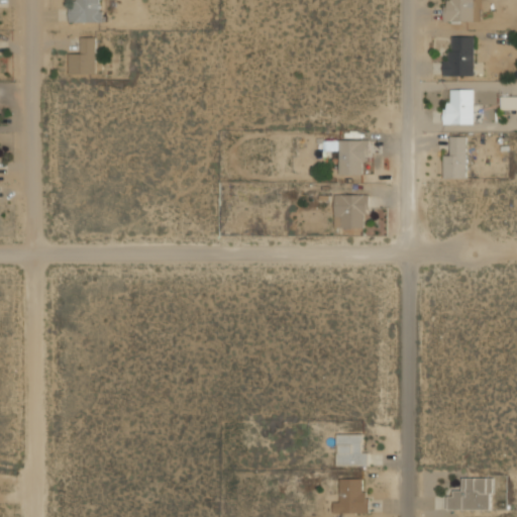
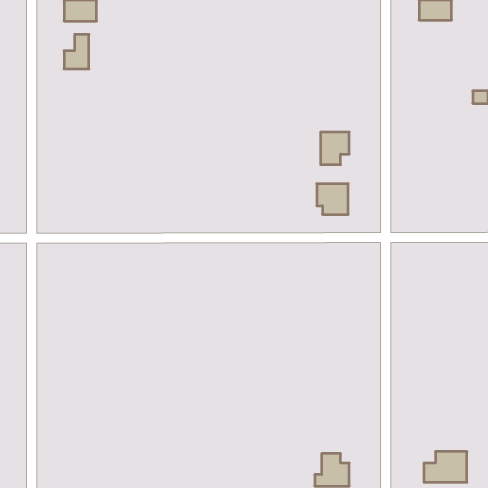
building: [446,36,474,76] -> none
building: [443,90,473,123] -> none
building: [443,136,466,179] -> none
building: [337,434,366,466] -> none

